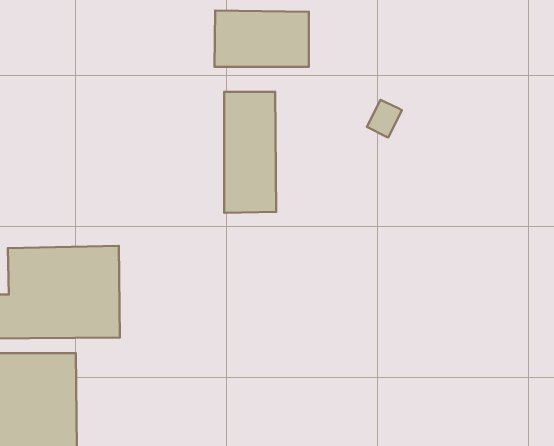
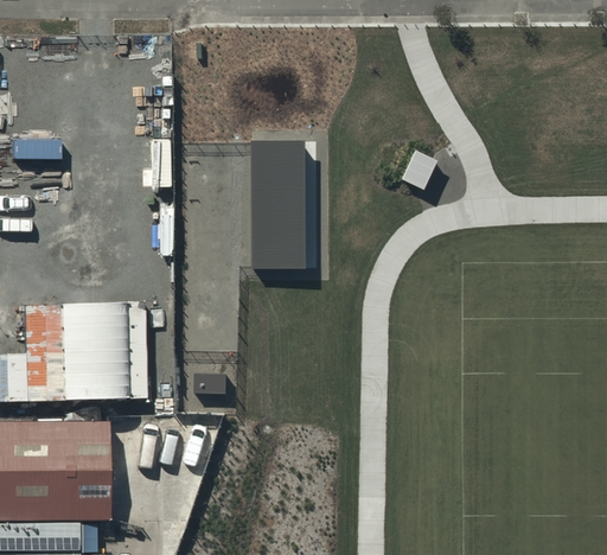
building: [214,11,309,67] -> none

